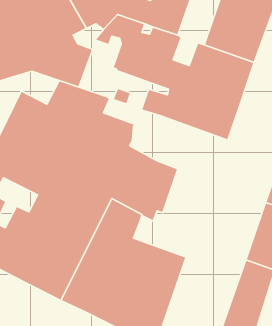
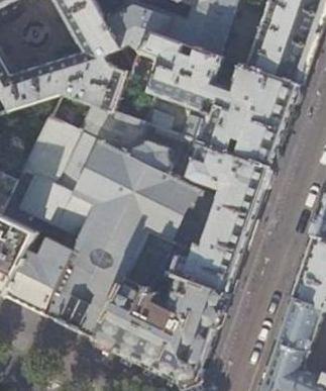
building: none -> [173,140,274,292]

